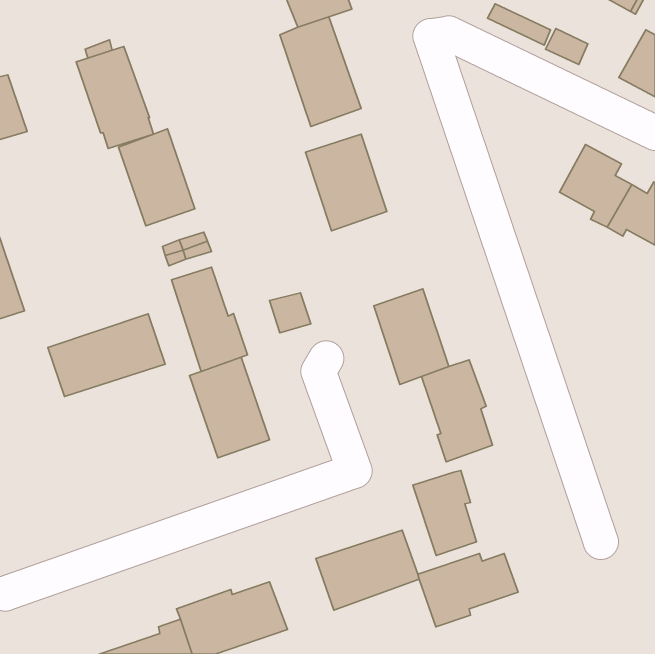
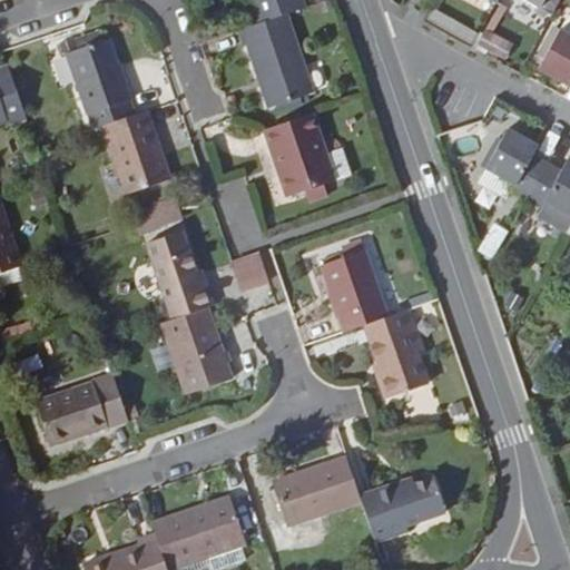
building: [48,314,165,396] -> [27,377,128,449]
building: [413,470,477,555] -> none

